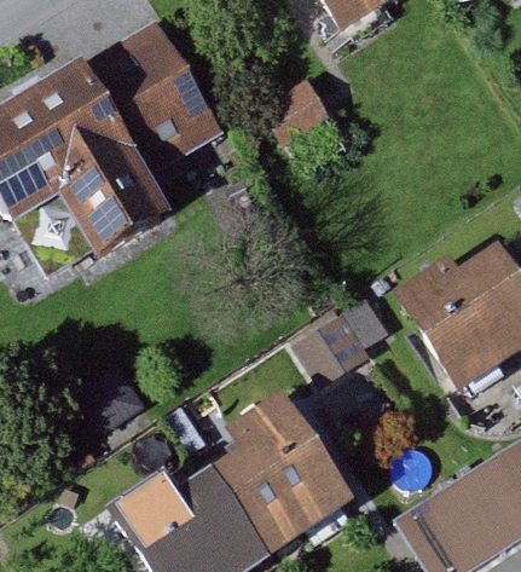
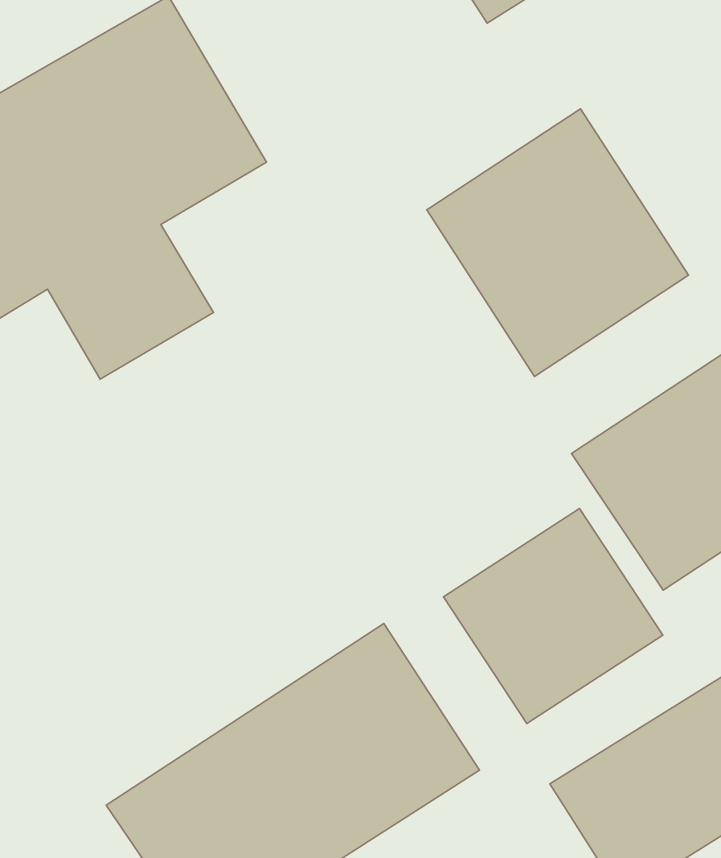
building: none -> [427,109,688,376]
building: none -> [443,509,663,723]

